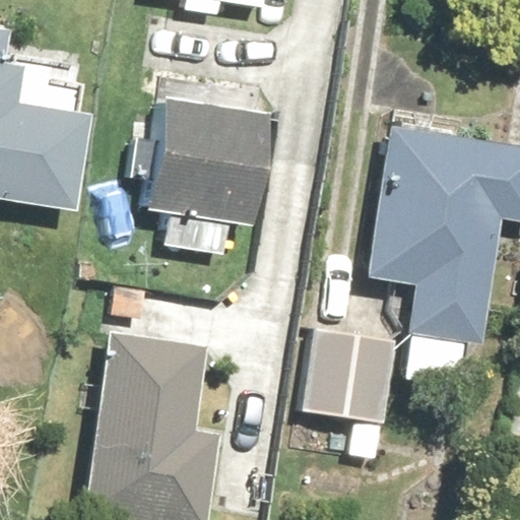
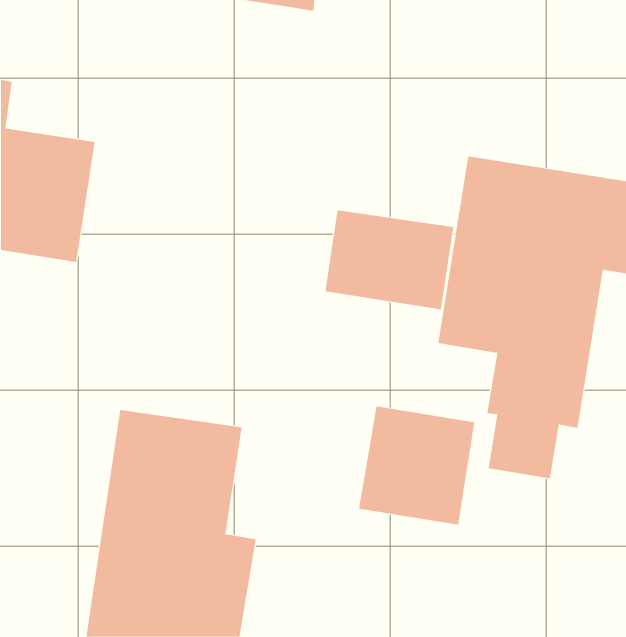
building: [147,75,273,254] -> none
building: none -> [325,209,454,310]

